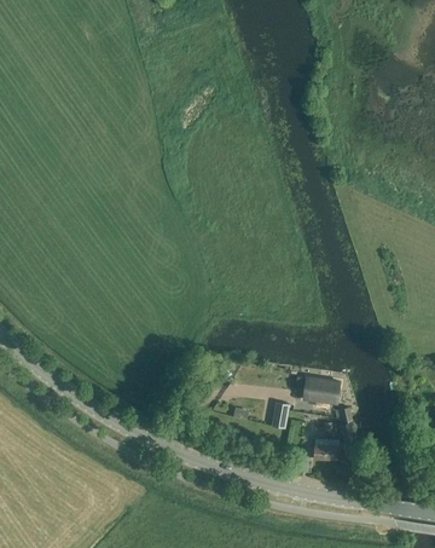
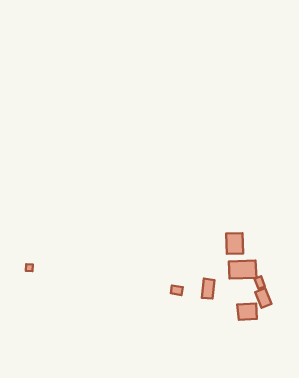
building: none -> [226,233,243,254]

